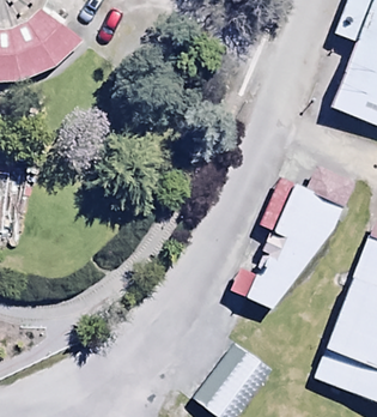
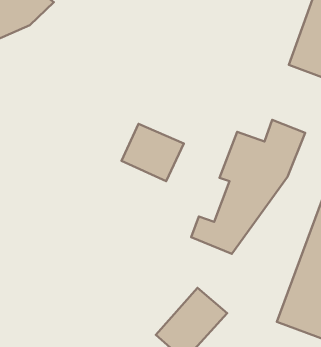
building: none -> [122,124,184,181]

